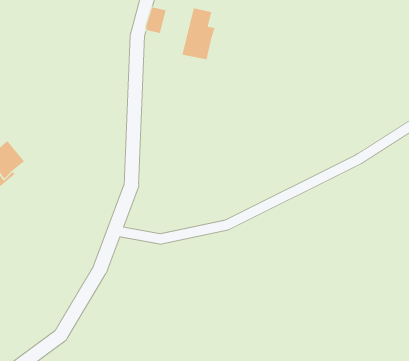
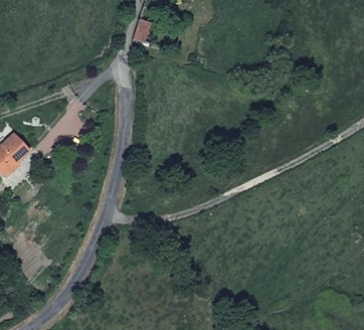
building: [182,8,215,60] -> none

